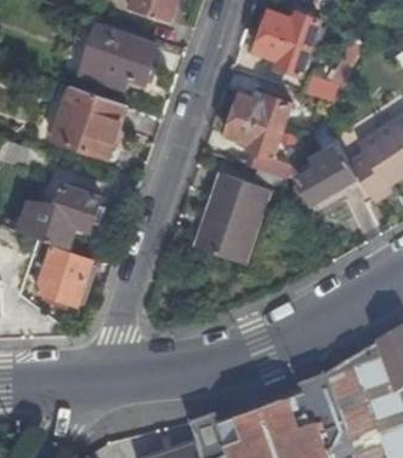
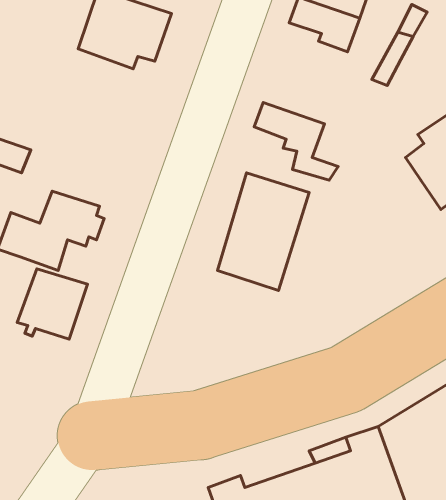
building: [53,85,127,156] -> none
building: [232,96,289,133] -> none
building: [288,145,357,208] -> none

